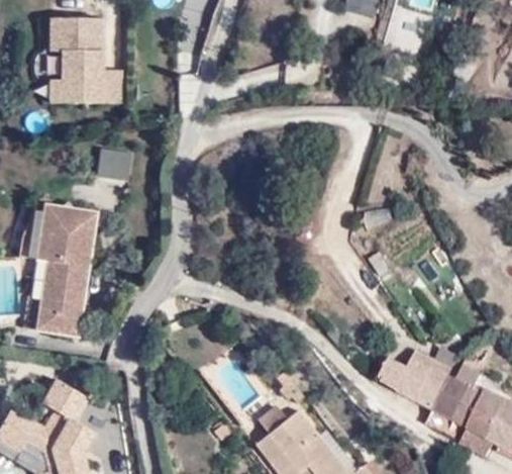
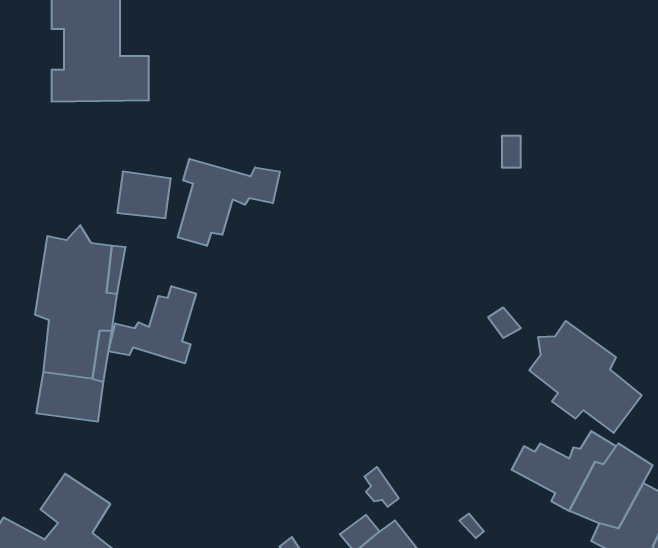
building: none -> [178,159,280,246]
building: none -> [108,286,196,363]
building: none -> [529,321,642,433]

